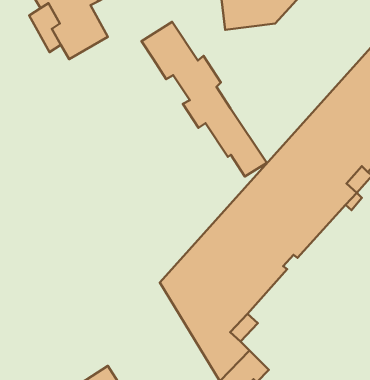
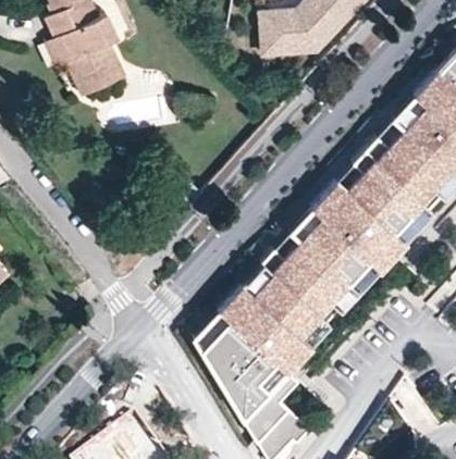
building: [141,22,267,176] -> none

